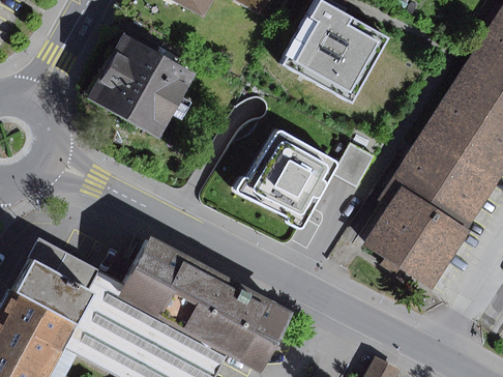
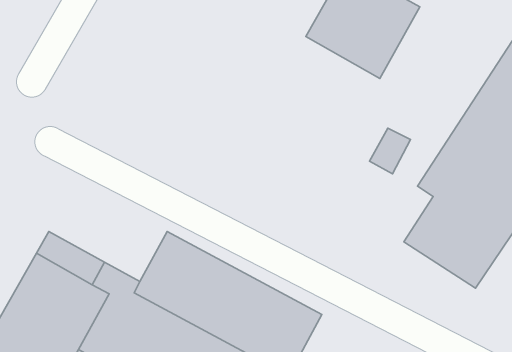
building: [89,34,196,136] -> none
building: [232,128,331,226] -> none

